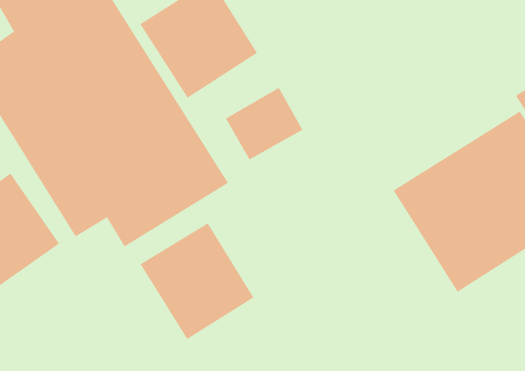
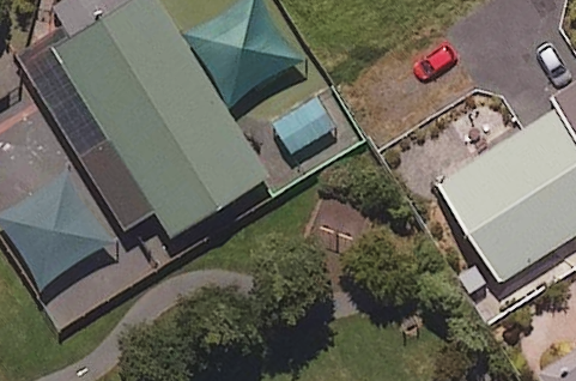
building: [140,222,254,340] -> none

